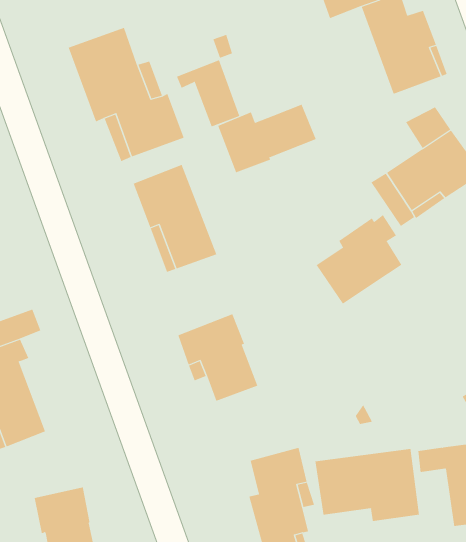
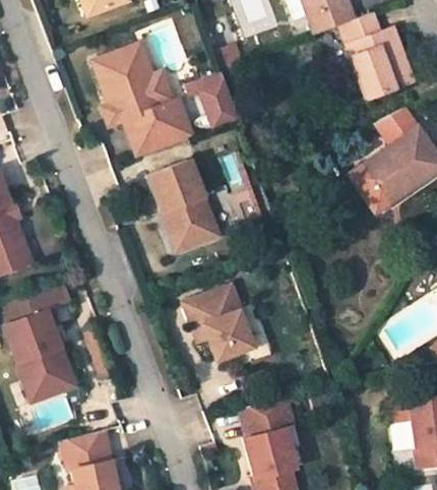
building: [217,104,317,173] -> none
building: [316,214,402,304] -> none
building: [315,448,420,522] -> none

